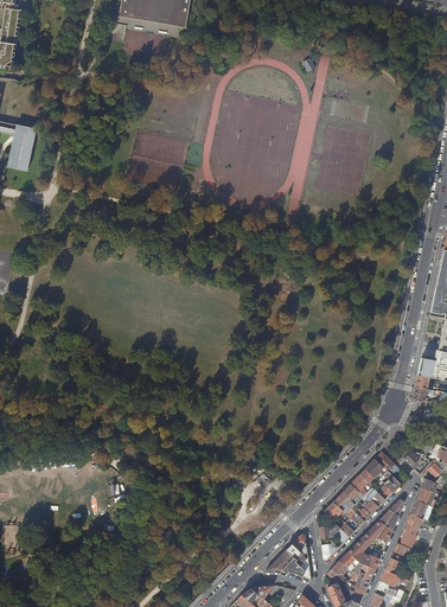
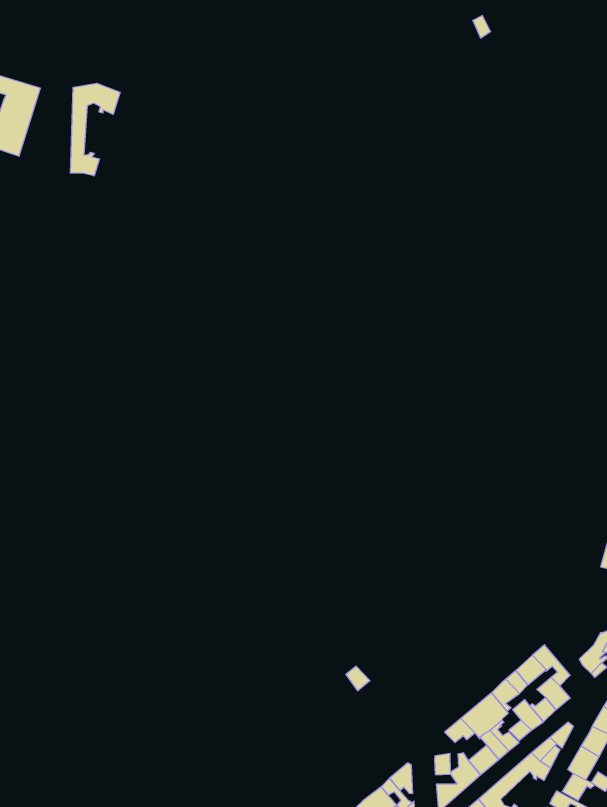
building: none -> [71,83,120,176]

